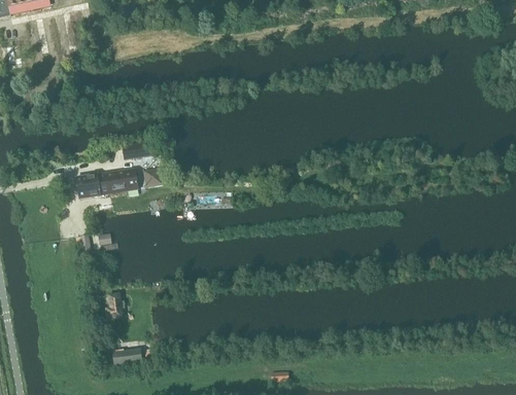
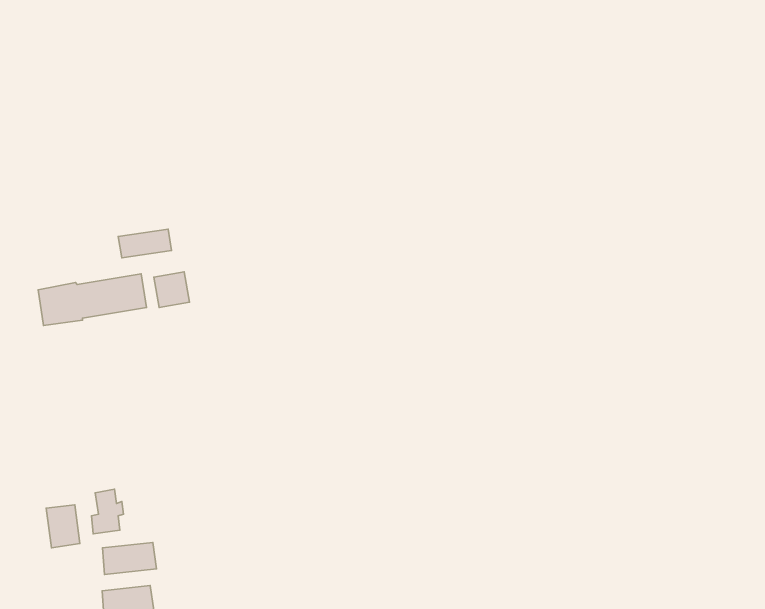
building: none -> [46,505,80,548]
building: none -> [102,543,157,574]

